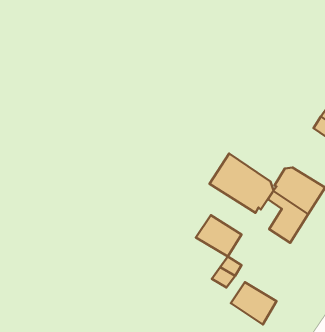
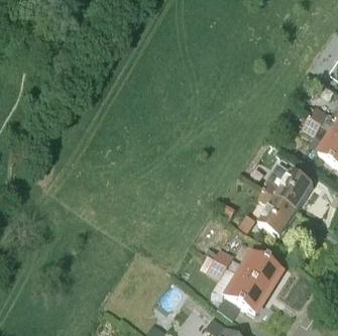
building: [209,154,274,213] -> none
building: [196,215,242,257] -> [237,251,280,291]

